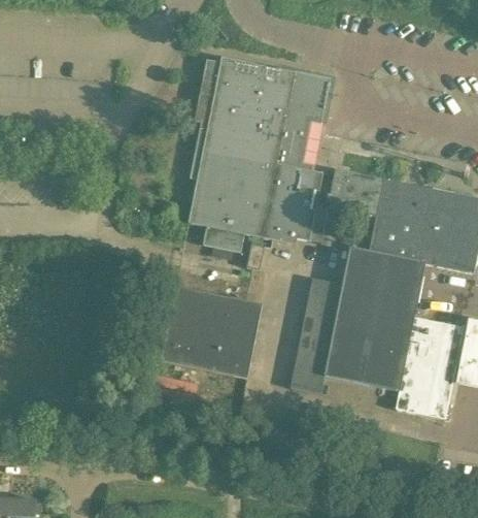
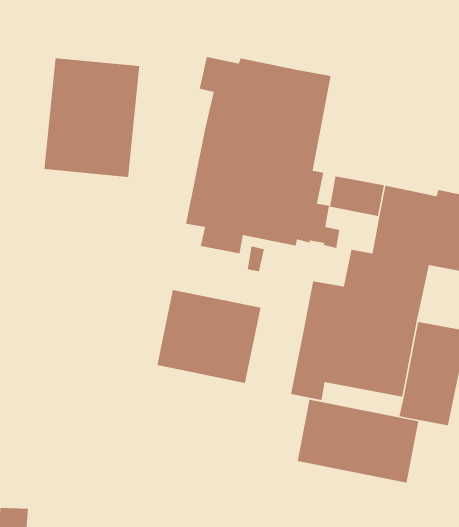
building: none -> [43,57,140,178]
building: none -> [297,399,419,484]

